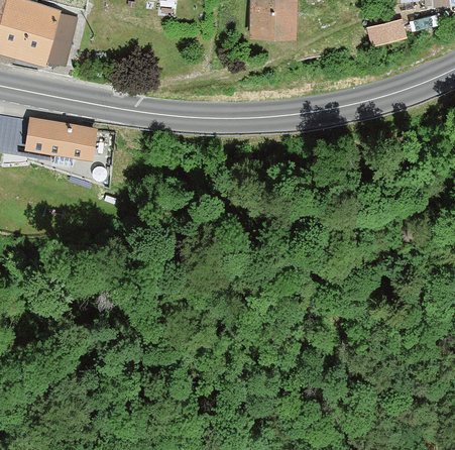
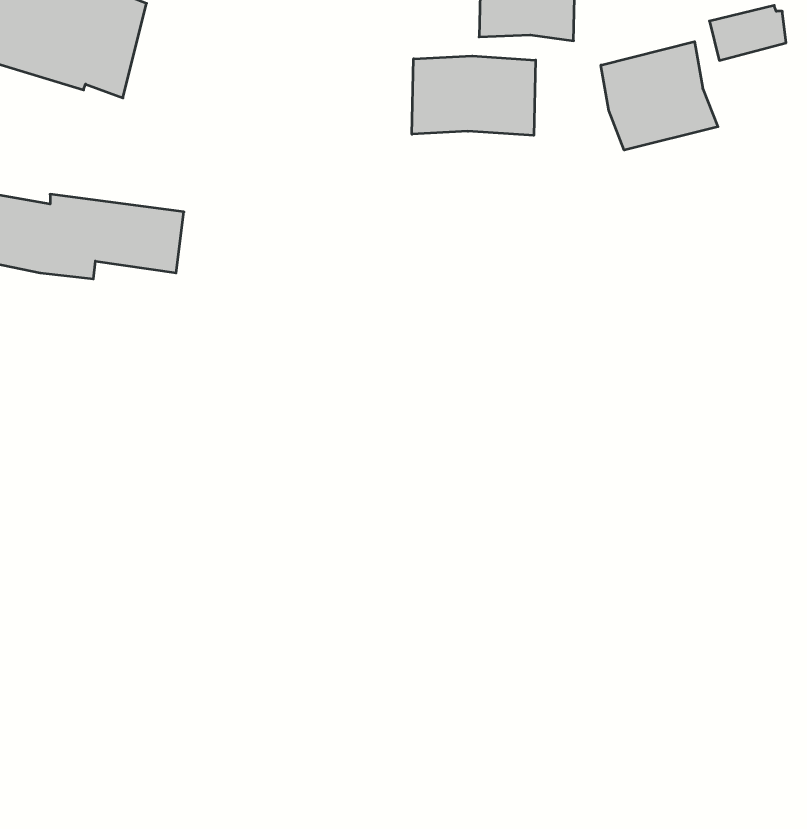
building: none -> [601,42,718,150]
building: none -> [412,56,536,135]

